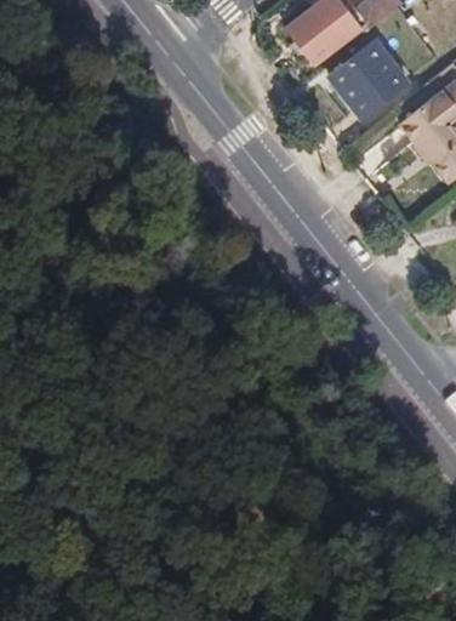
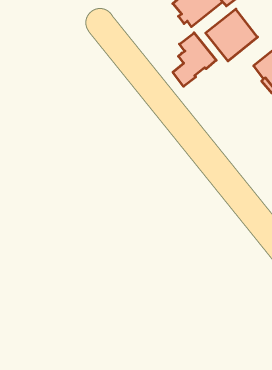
building: none -> [173,33,216,86]

